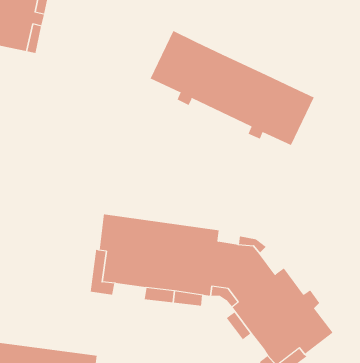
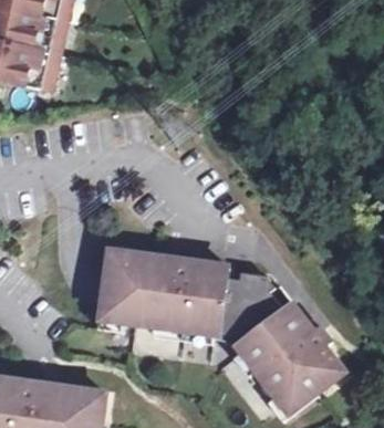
building: [150,30,314,146] -> none

